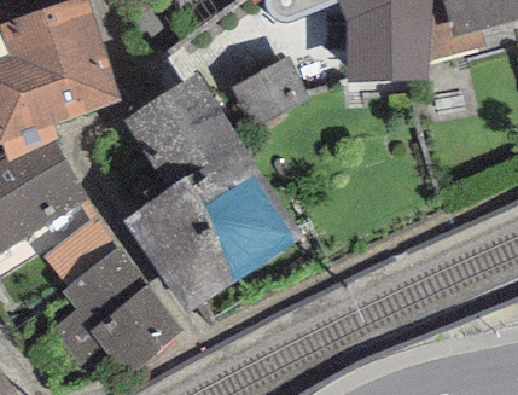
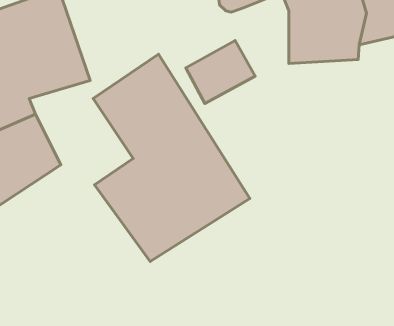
building: [50,248,182,376] -> none

